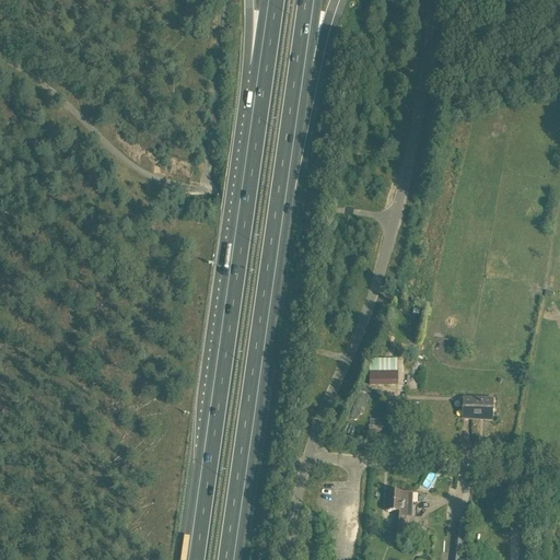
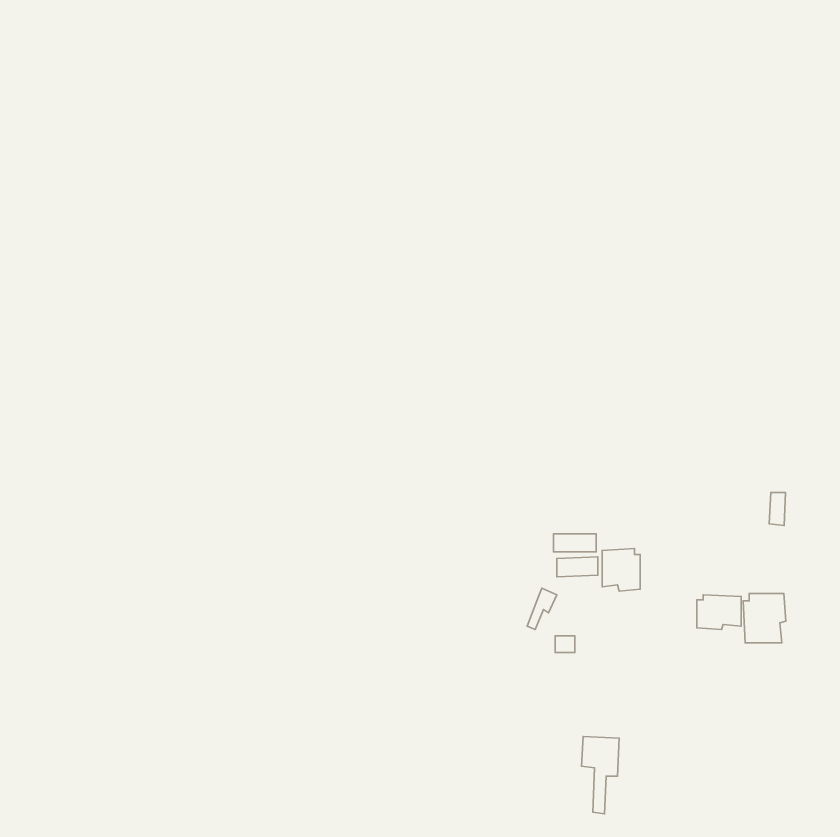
building: none -> [602,548,640,591]
building: none -> [743,594,786,643]

